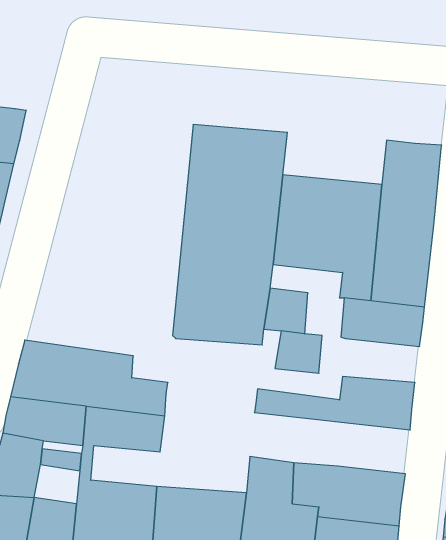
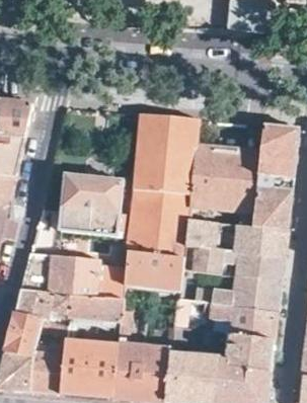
building: none -> [61,174,122,235]
building: none -> [122,249,183,291]
building: none -> [235,249,285,277]
building: none -> [177,297,279,336]

